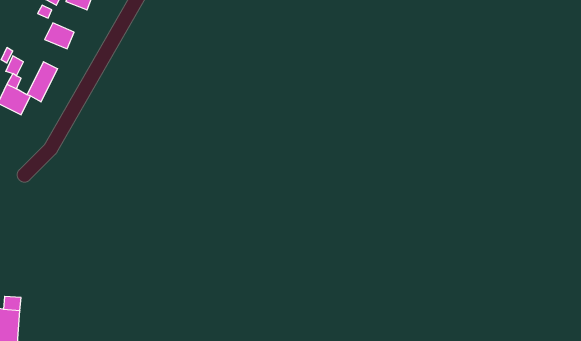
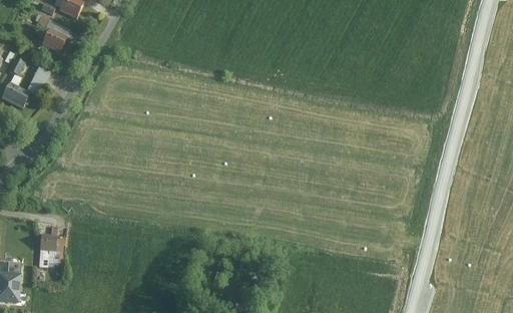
building: none -> [39,232,57,266]

